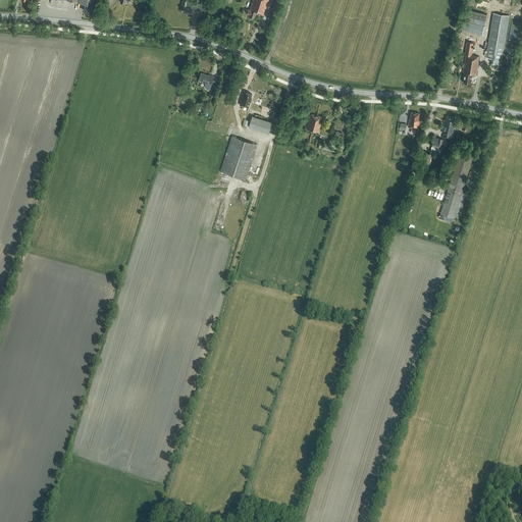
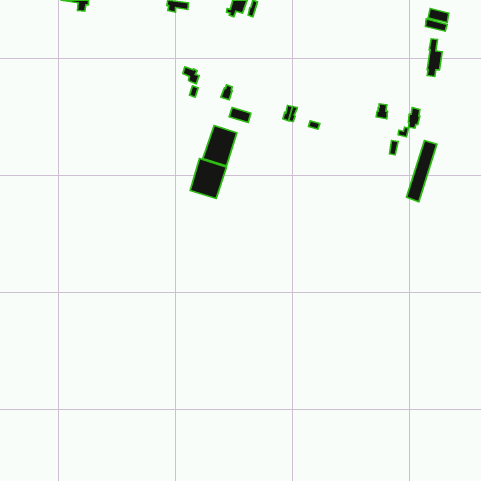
building: [485,14,508,66] -> none
building: none -> [190,159,226,199]

